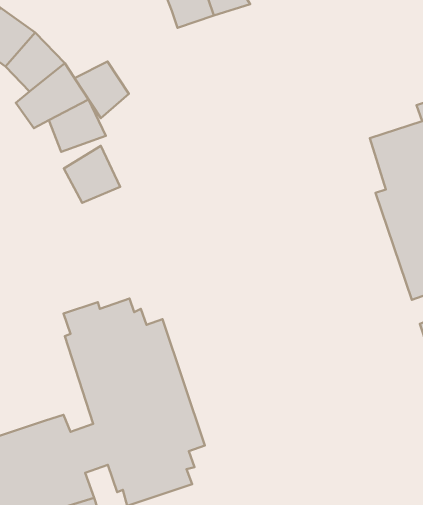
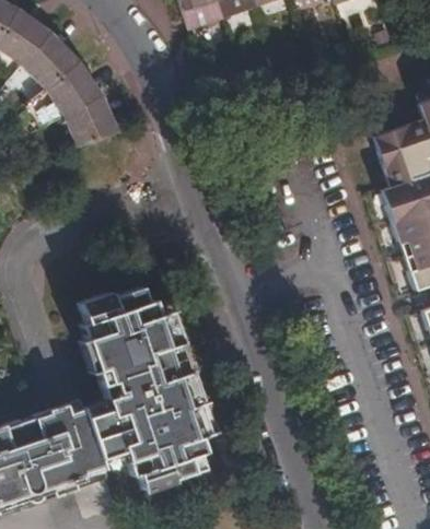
building: [74,62,129,118] -> none
building: [64,146,120,203] -> none

